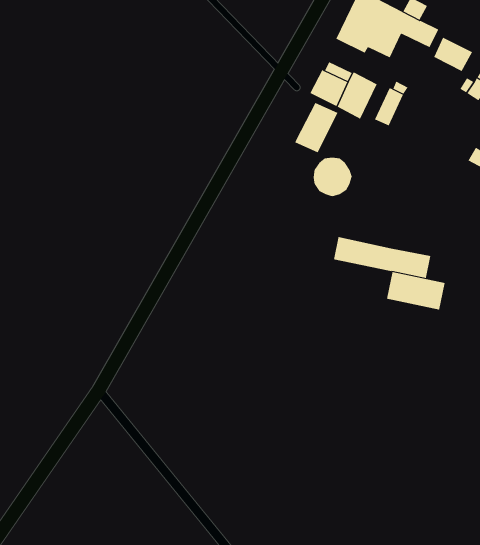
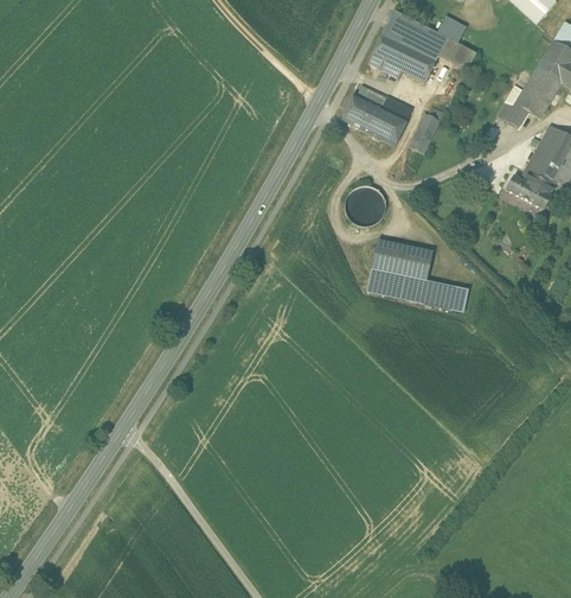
building: [433,37,473,72] -> none
building: [295,102,338,153] -> none
building: [386,272,445,310] -> [371,240,432,280]

